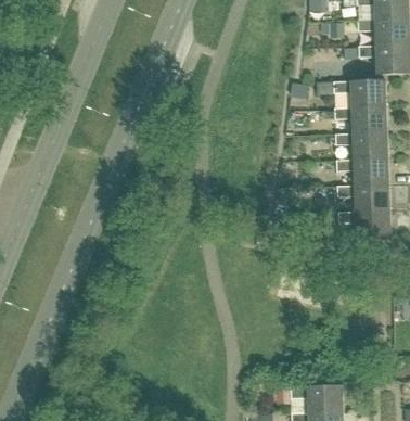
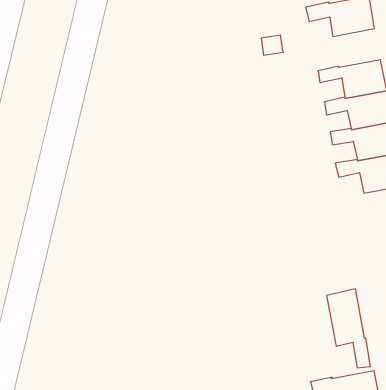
building: [333,107,386,135] -> none
building: none -> [327,289,370,368]

